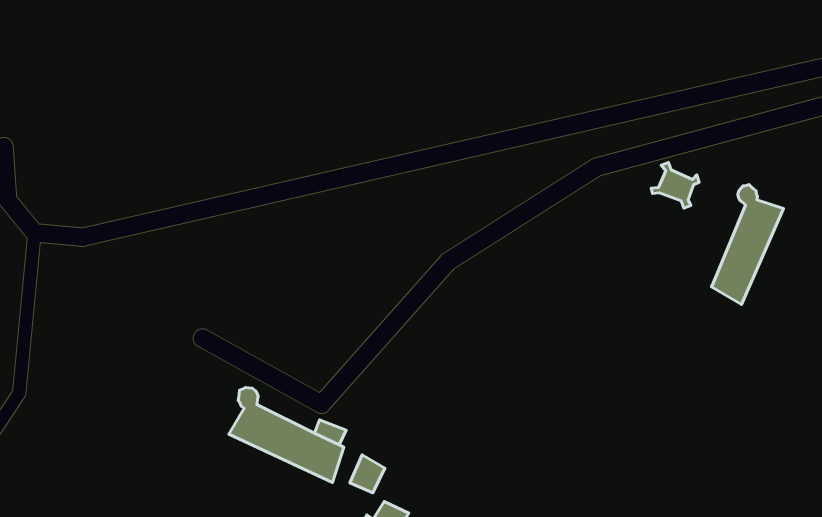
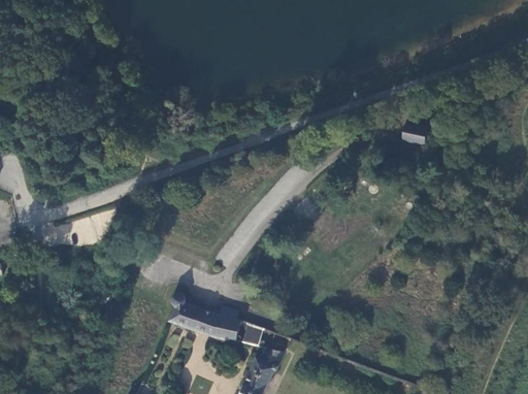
building: [712,185,784,305] -> none

